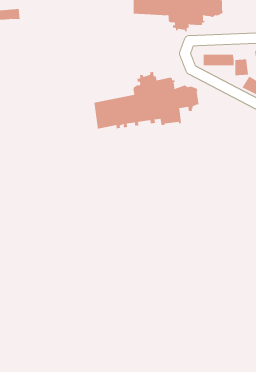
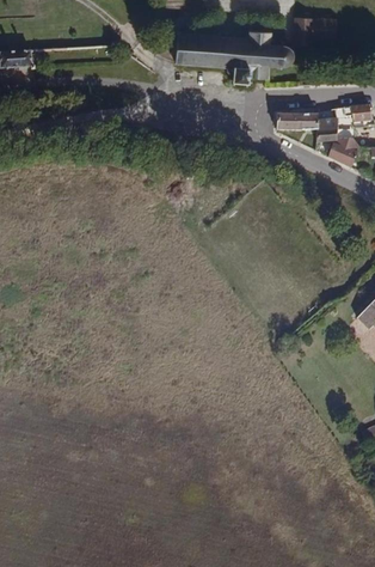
building: [94,71,199,130] -> none

